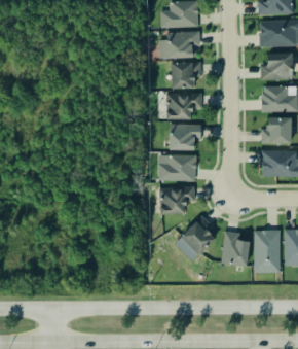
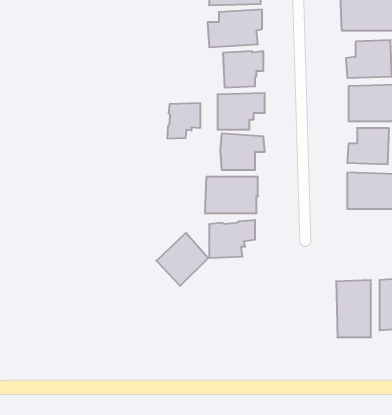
building: none -> [168,103,200,139]
building: [176,220,214,259] -> [156,233,208,286]
building: [222,231,252,267] -> none

